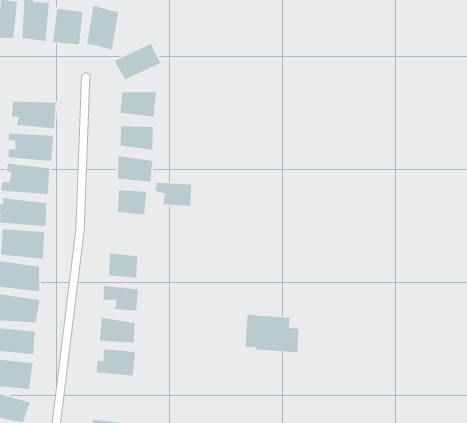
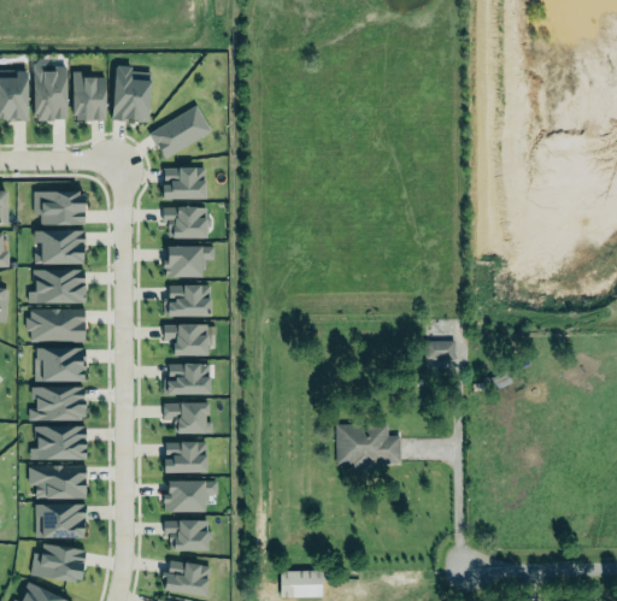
building: [154,182,192,207] -> [161,325,207,354]
building: none -> [430,338,459,359]
building: none -> [168,519,207,550]

